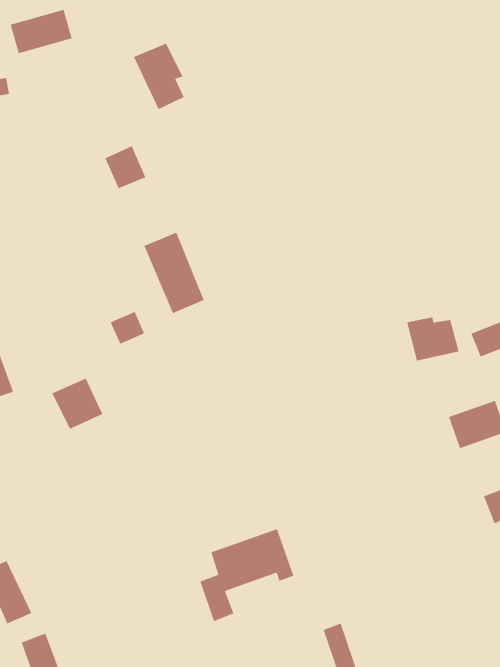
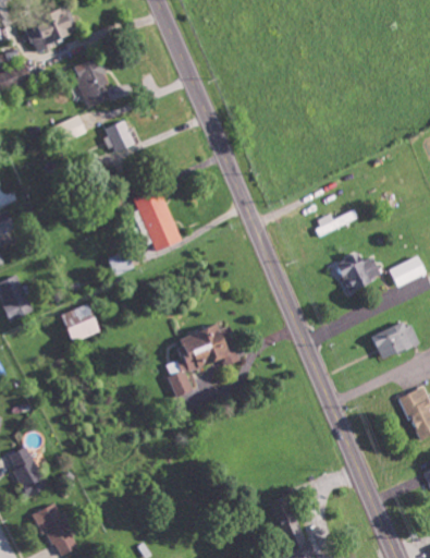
building: [133,43,185,110] -> [70,57,110,109]
building: none -> [315,210,358,236]
building: [199,529,294,622] -> [164,323,238,396]

